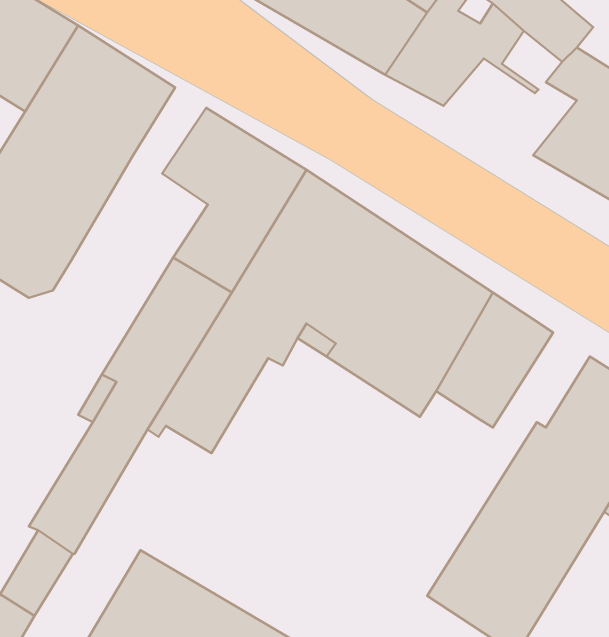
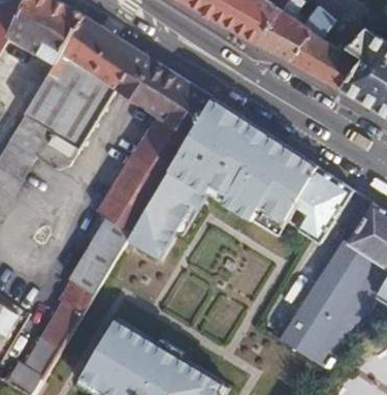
building: none -> [290,35,365,90]
building: none -> [115,52,156,100]

